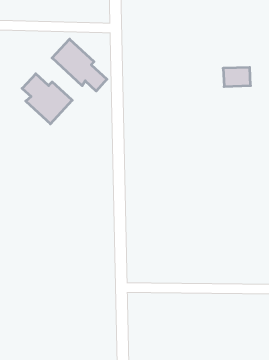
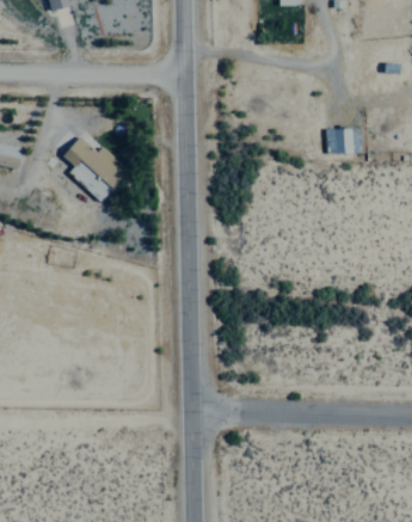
building: [52,39,107,91] -> none

